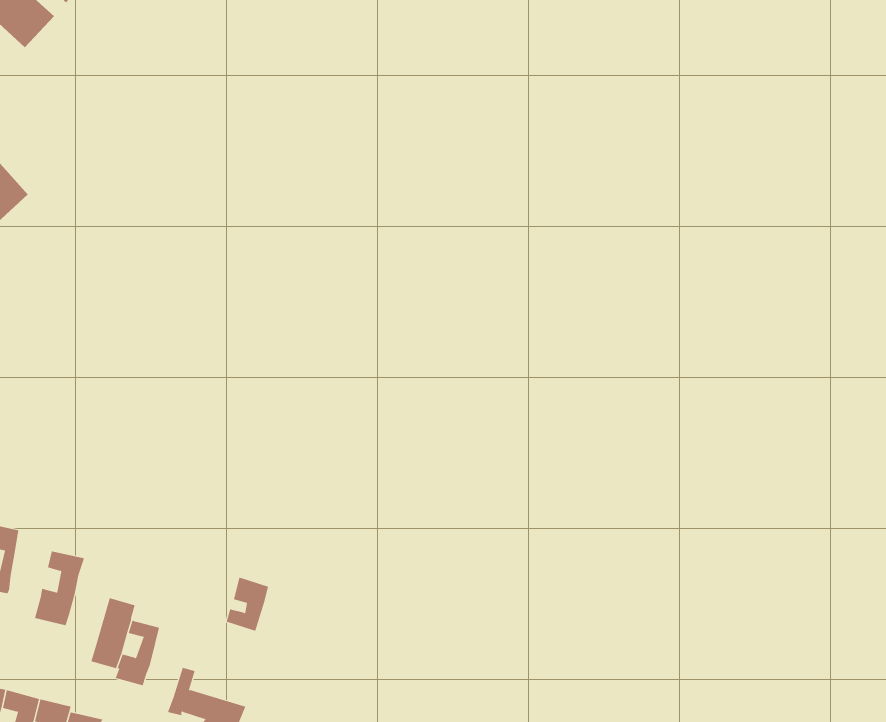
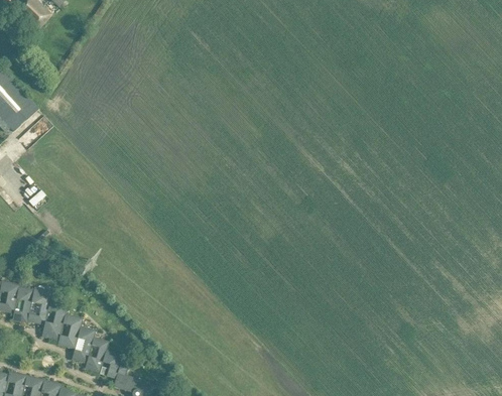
building: none -> [28,287,52,325]
building: none -> [57,313,83,350]
building: [226,577,269,631] -> [100,350,123,379]

